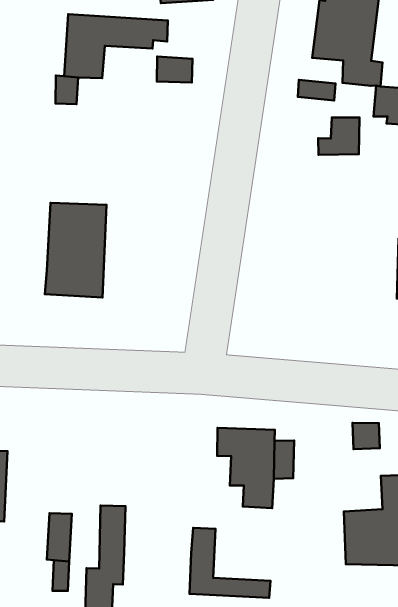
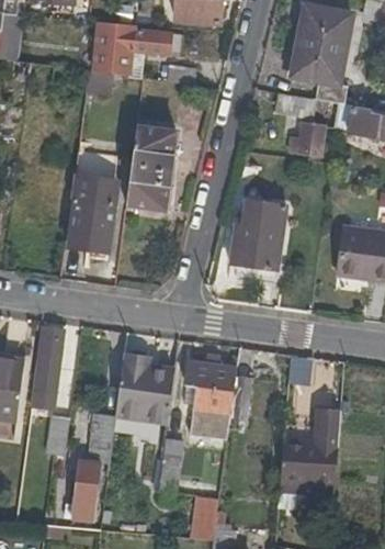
building: none -> [126,128,173,213]
building: none -> [229,201,285,269]
building: none -> [33,326,65,391]
building: none -> [112,351,173,423]

